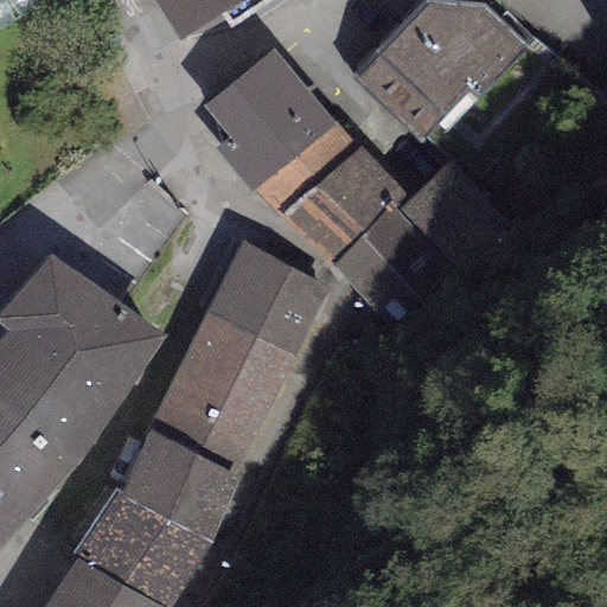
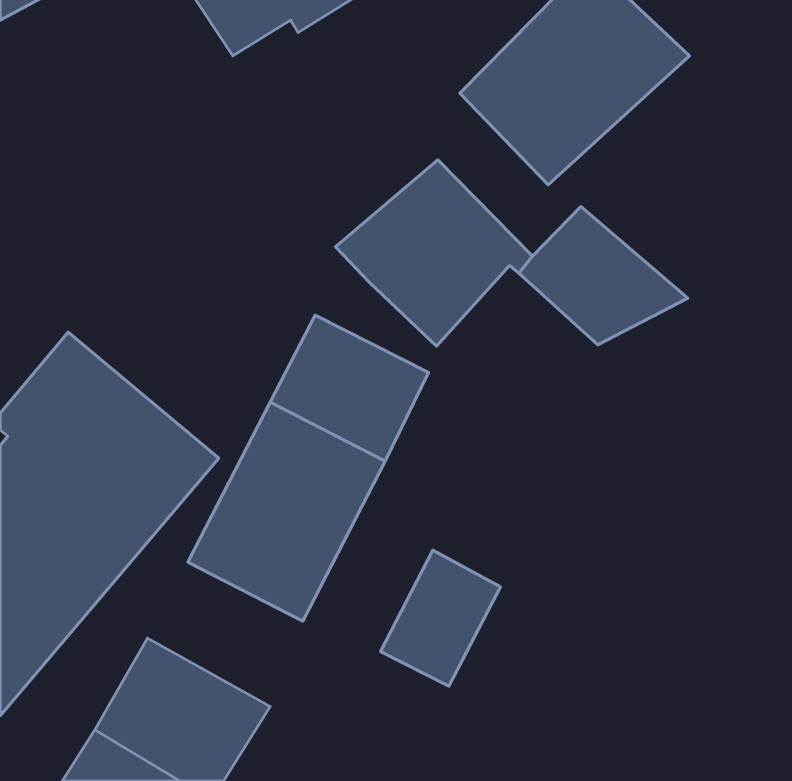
building: [206,49,336,192] -> none
building: [334,203,458,325] -> none
building: none -> [381,550,501,686]
building: [114,429,241,539] -> none

